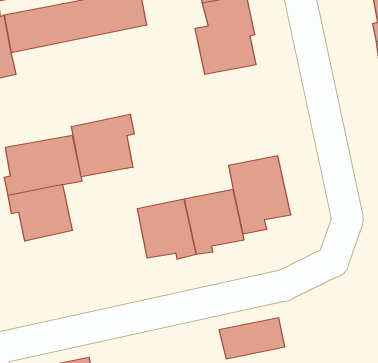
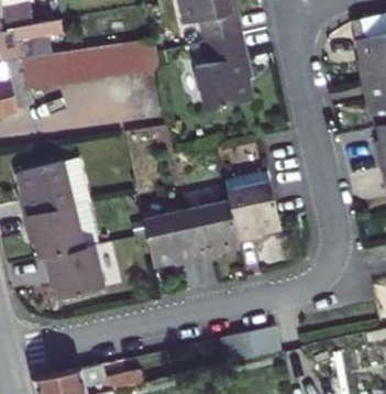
building: [71,114,134,177] -> none
building: none -> [44,247,103,300]

